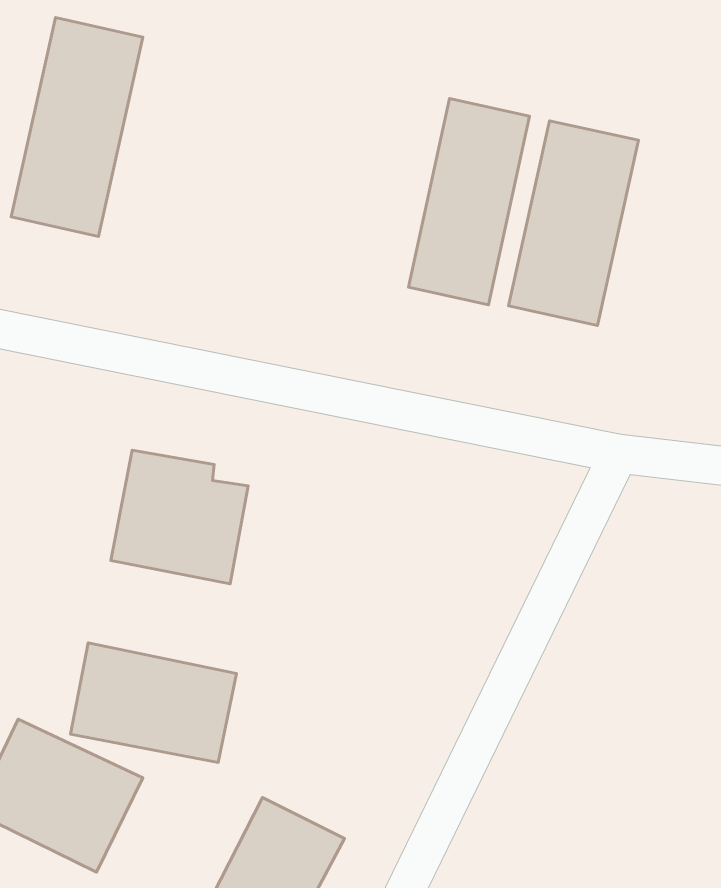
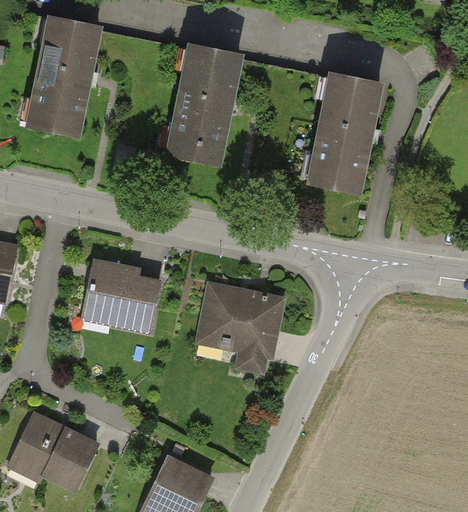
building: [408,98,530,305] -> [171,47,239,163]
building: none -> [199,281,279,376]
building: [70,643,236,763] -> none

